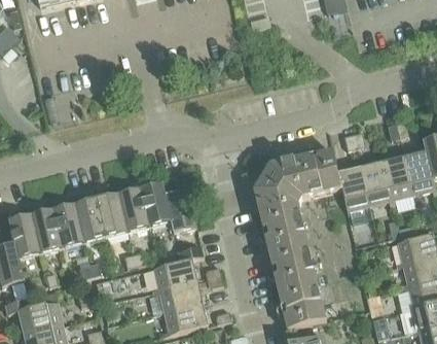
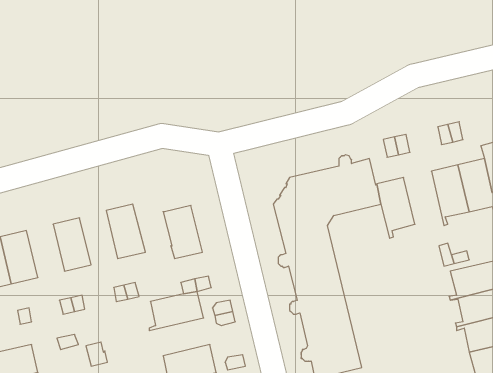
building: [359,160,392,205] -> none
building: [139,181,171,226] -> none
building: [96,192,126,236] -> none
building: [52,203,83,246] -> none
building: [152,279,202,310] -> none

